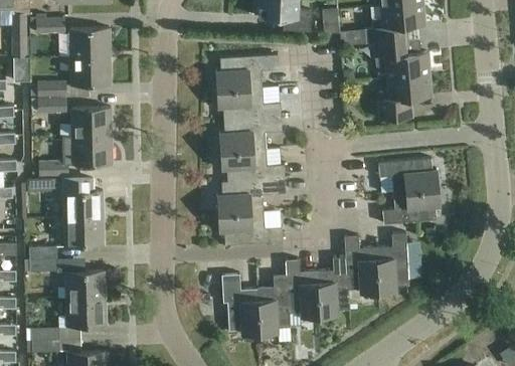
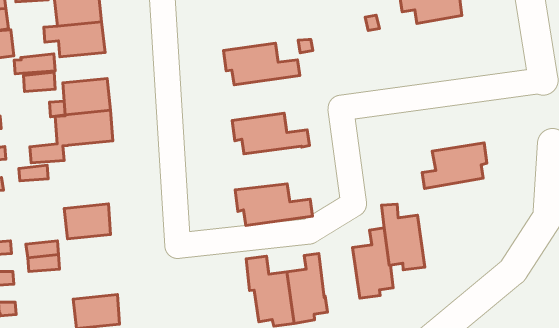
building: [214,54,278,89] -> none
building: [377,74,430,120] -> none
building: [217,117,282,152] -> none
building: [377,158,439,192] -> none
building: [215,179,279,213] -> none
building: [63,190,104,218] -> none
building: [375,233,408,294] -> none
building: [285,259,319,318] -> none
building: [65,271,106,299] -> none

